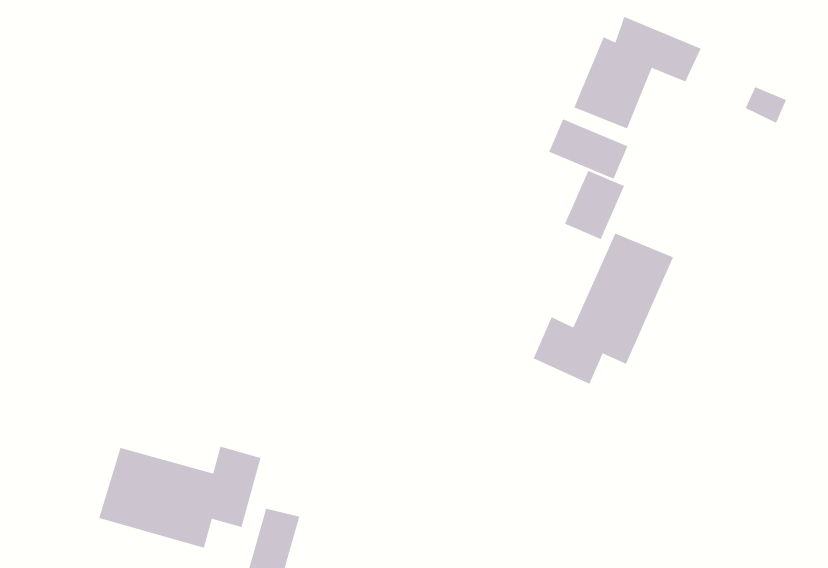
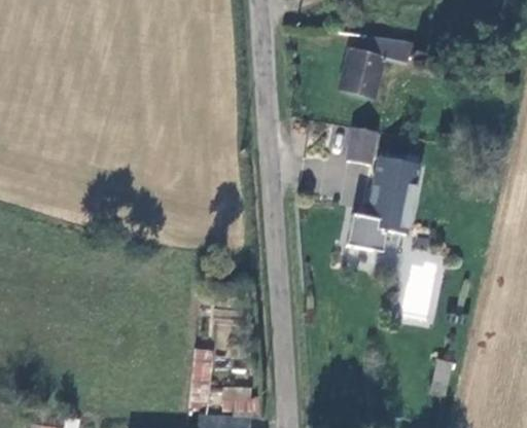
building: [548,118,628,179] -> none
building: [99,446,261,548] -> none

